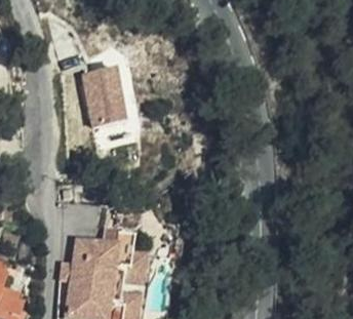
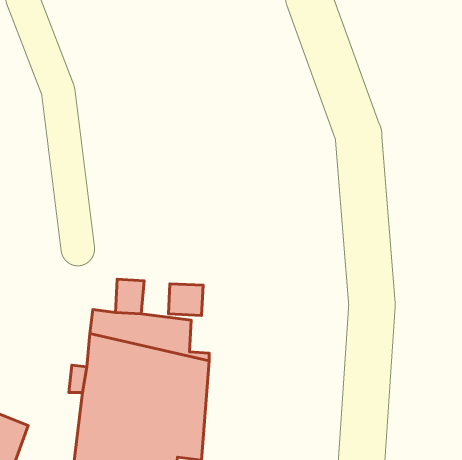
building: [82,69,129,129] -> none

